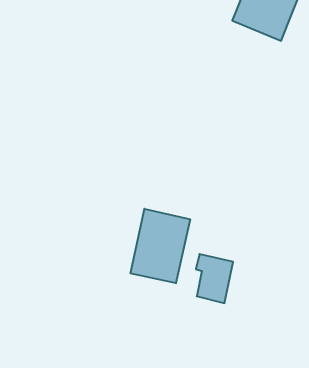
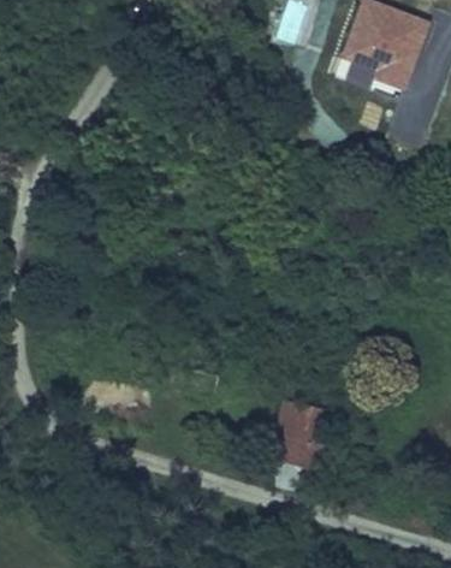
building: [131,209,190,283] -> none

